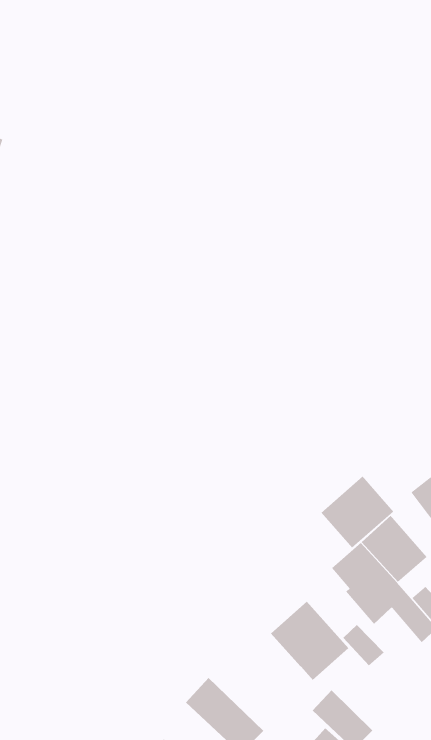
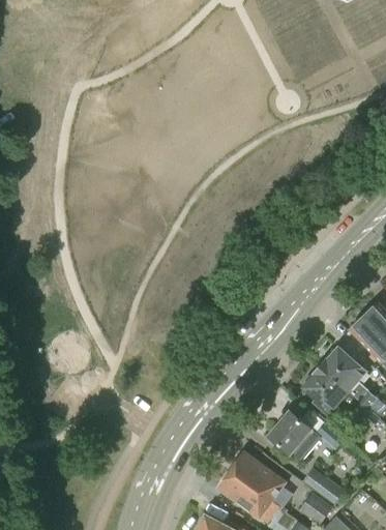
building: [321,476,394,549] -> none
building: none -> [231,451,286,500]

